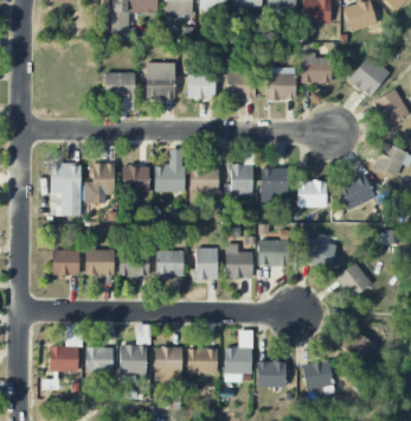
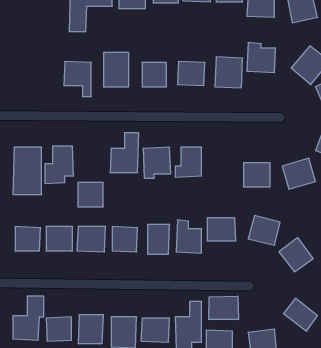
building: [122,165,149,191] -> [78,183,103,207]
building: [261,166,288,200] -> none
building: none -> [209,296,239,320]

